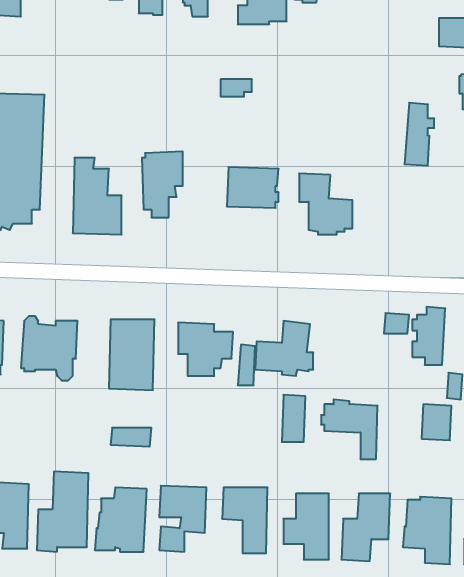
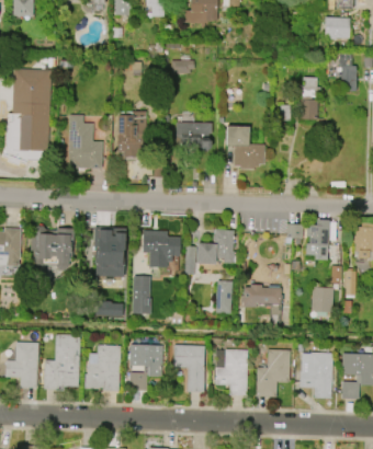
building: none -> [133,276,151,314]

